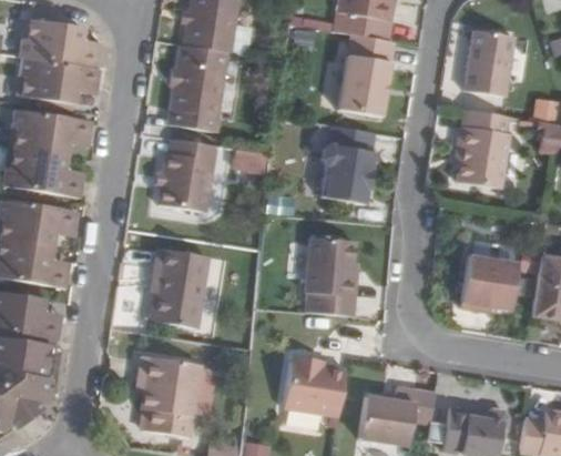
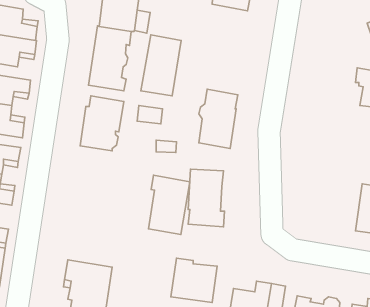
building: [462,29,512,95] -> none
building: [333,36,387,118] -> [141,35,181,96]
building: [456,110,508,189] -> none
building: [154,251,210,331] -> [149,175,190,235]
building: [458,256,516,311] -> none

